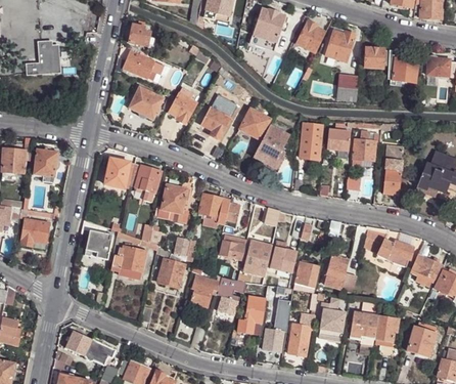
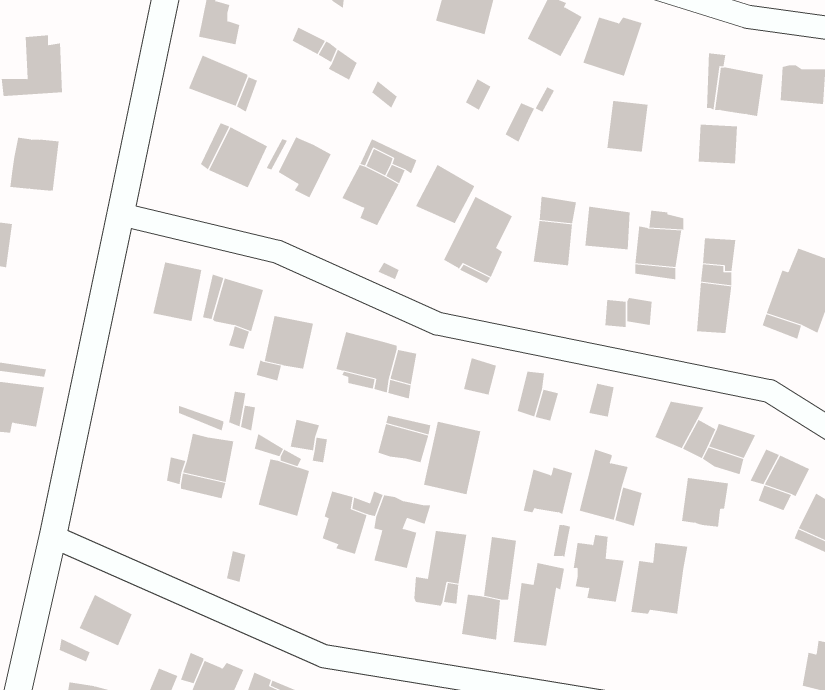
building: [364,48,384,69] -> [698,124,738,164]
building: [33,148,58,176] -> [10,137,59,191]
building: [86,229,113,260] -> none
building: [271,246,294,271] -> none
building: [374,315,399,341] -> [681,477,729,527]
building: [408,327,437,357] -> none
building: [87,339,118,365] -> none

